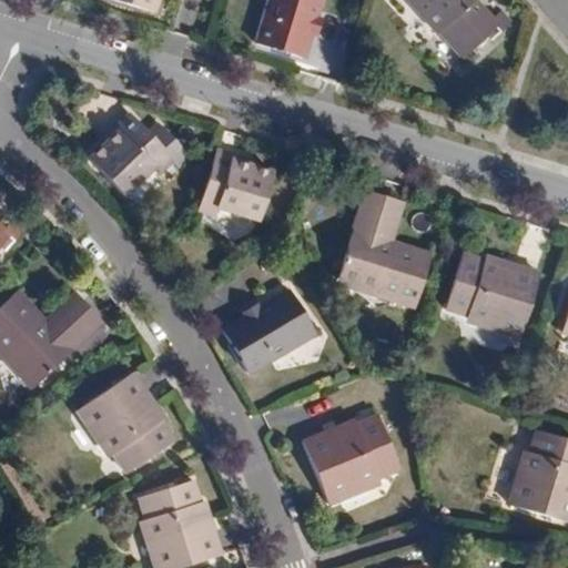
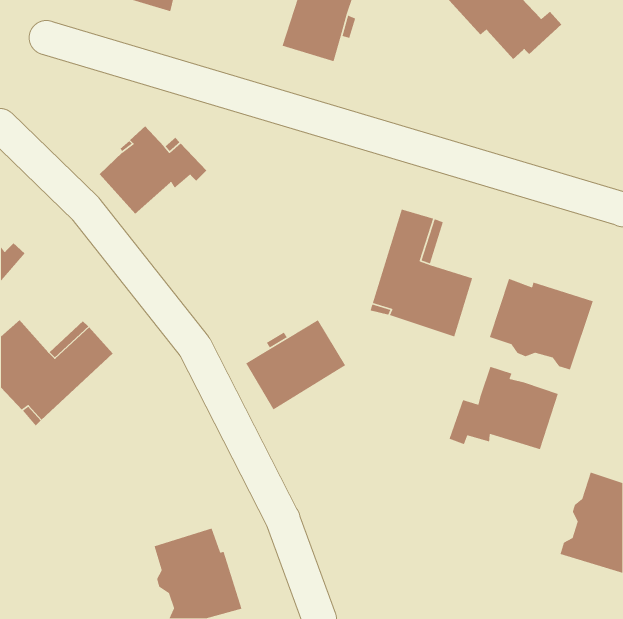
building: [197,150,273,222] -> none
building: none -> [448,366,559,450]
building: [78,373,174,473] -> none
building: [303,415,399,503] -> none

